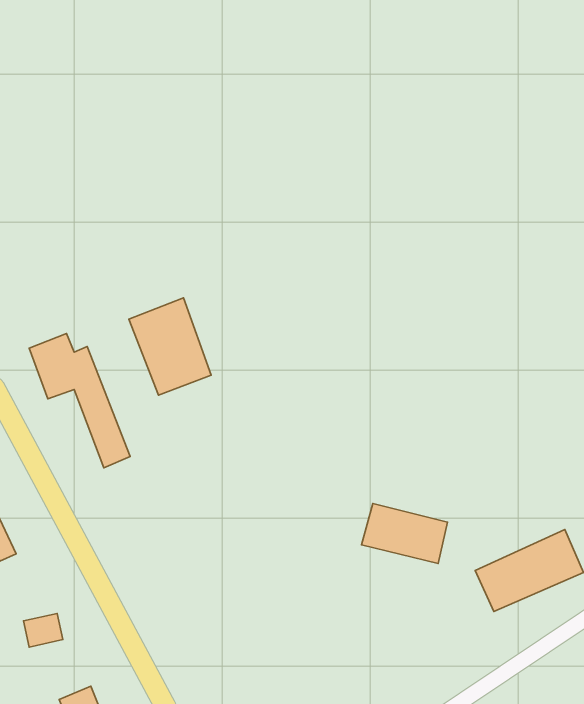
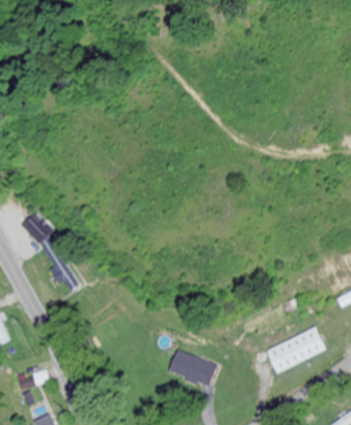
building: [129,298,211,395] -> none
building: [362,504,448,563] -> [167,350,215,384]

